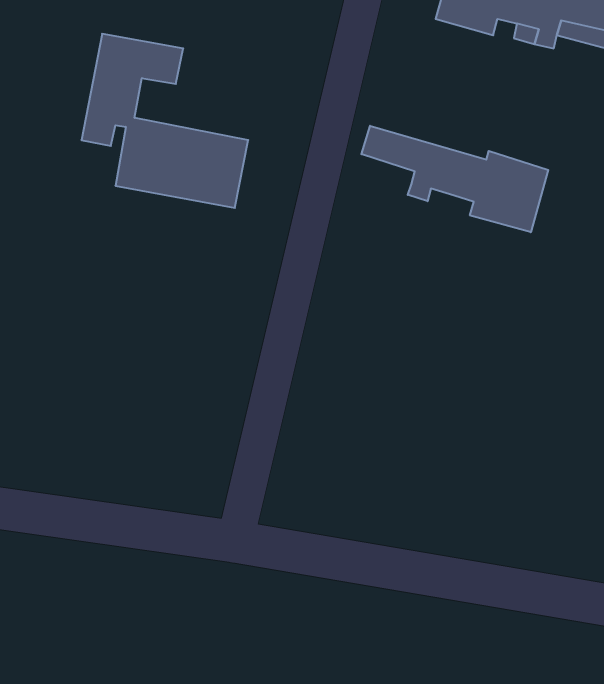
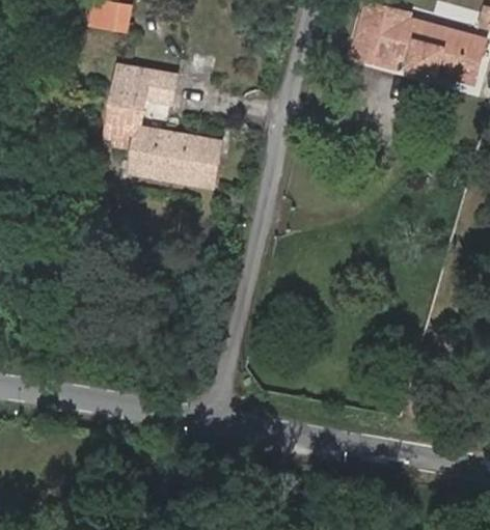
building: [361,126,548,232] -> none

